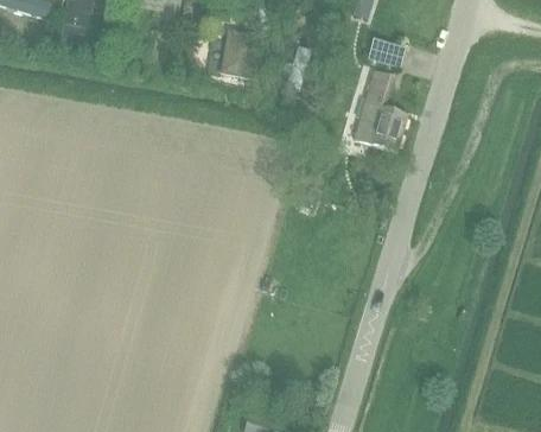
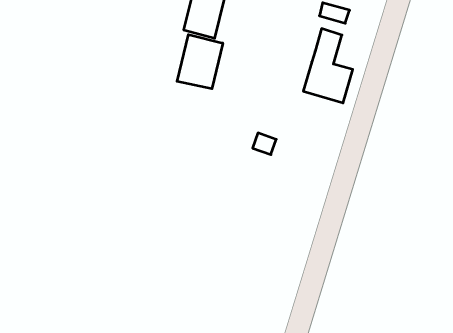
building: none -> [177,35,223,89]

